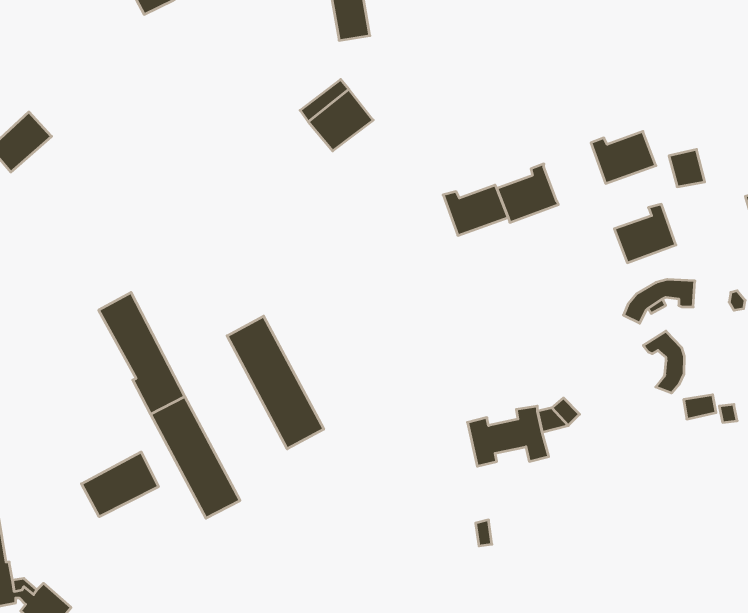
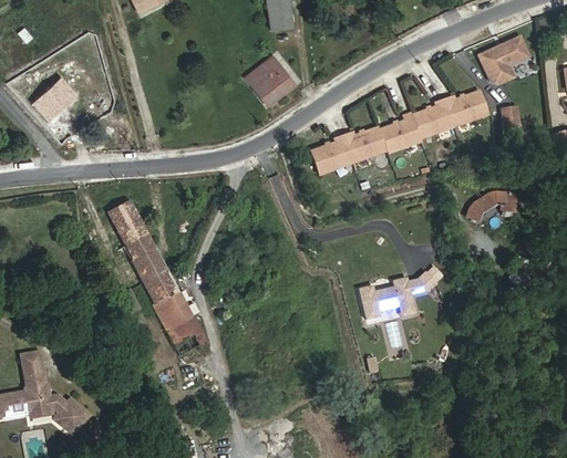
building: none -> [478,37,528,83]
building: none -> [311,134,353,174]
building: [614,204,676,263] -> [412,98,454,138]
building: [227,316,324,449] -> none
building: [643,331,684,393] -> none
building: [81,452,158,517] -> none

